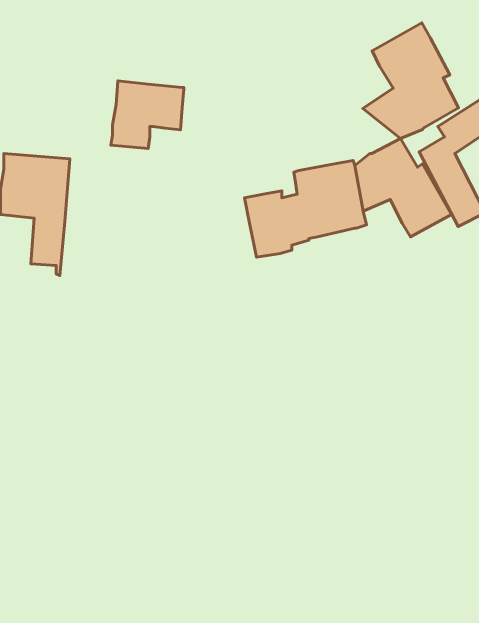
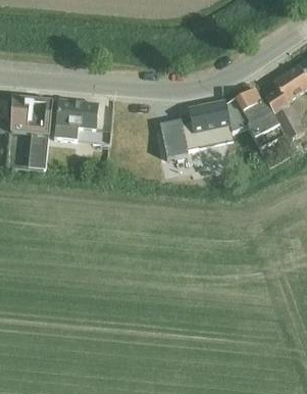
building: [363,23,459,138] -> none
building: [111,81,184,149] -> [53,100,97,141]

